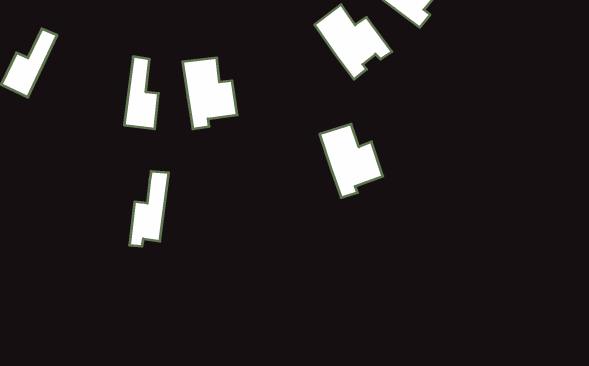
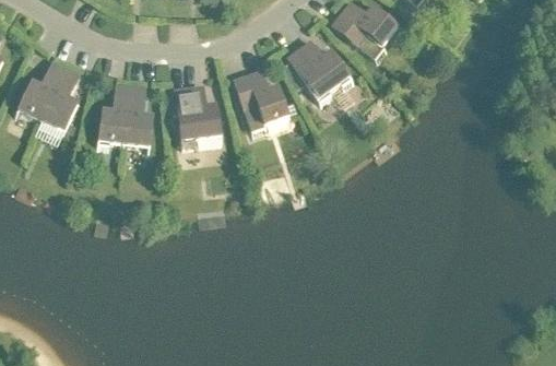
building: none -> [40,66,79,130]
building: [320,124,383,198] -> [234,70,288,133]
building: [129,171,169,246] -> [97,83,131,147]

